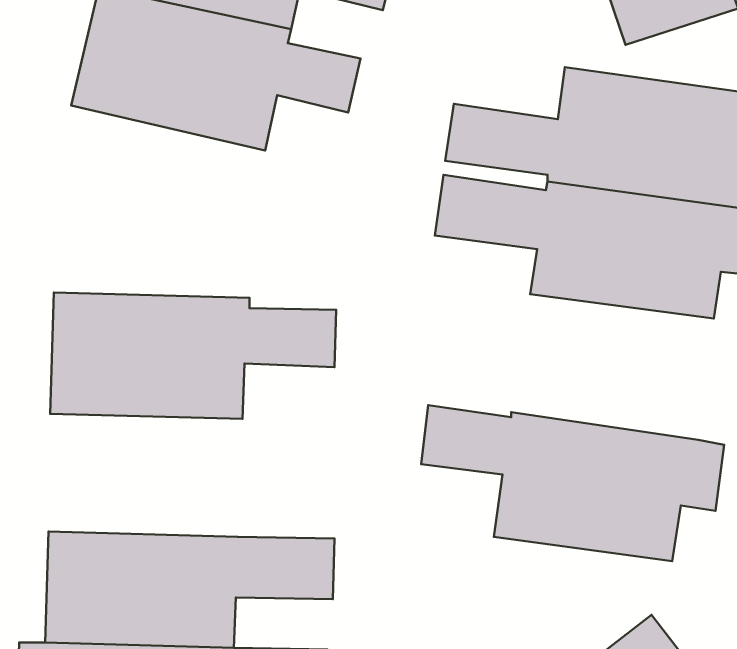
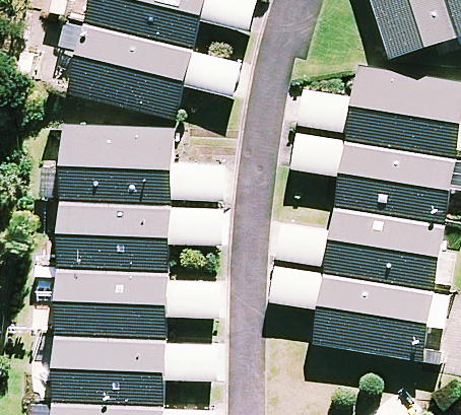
building: none -> [41,124,222,203]
building: none -> [277,201,443,286]
building: none -> [53,271,223,343]

